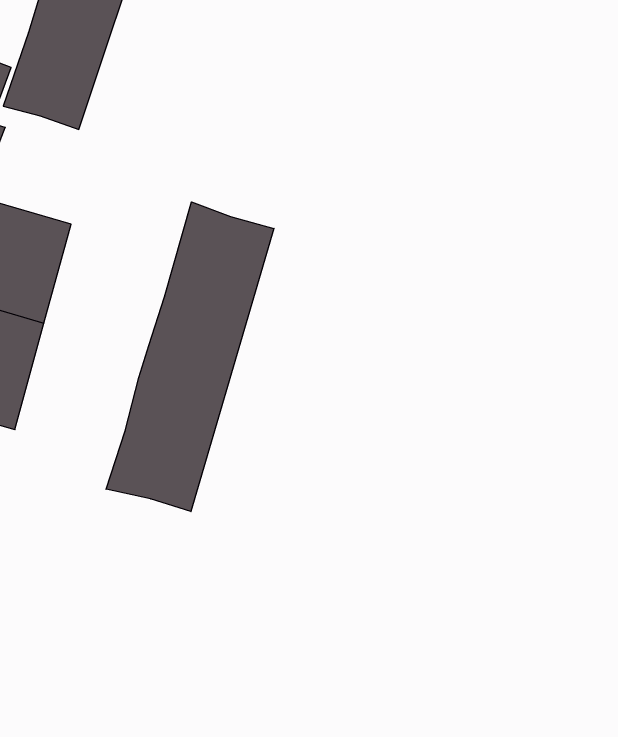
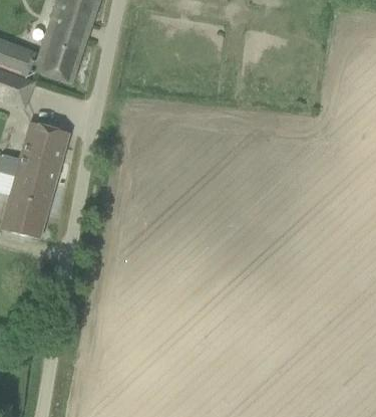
building: [106,202,274,512] -> none

